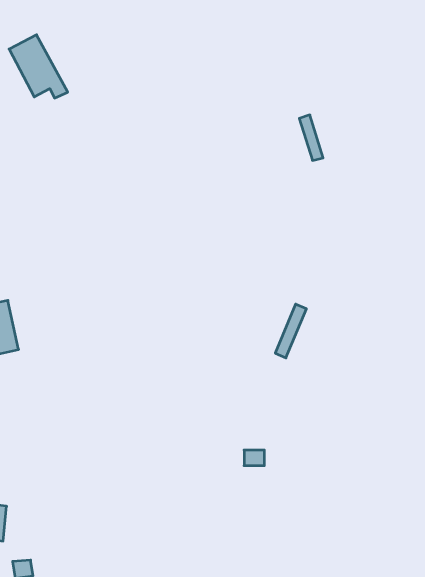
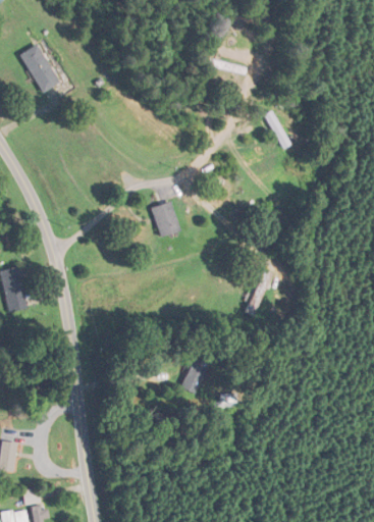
building: none -> [150,202,177,237]
building: none -> [180,358,208,394]

